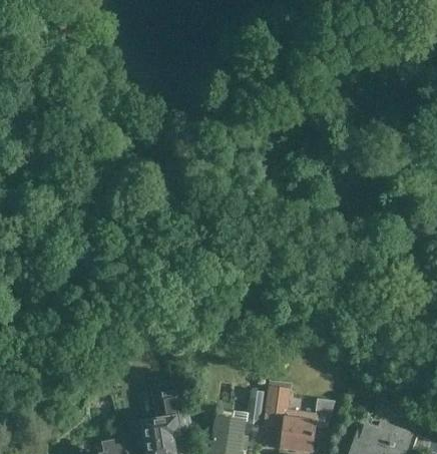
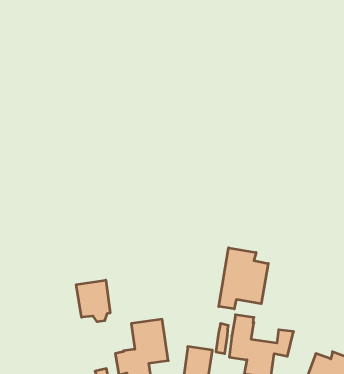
building: none -> [219,248,268,309]
building: none -> [76,280,110,322]

